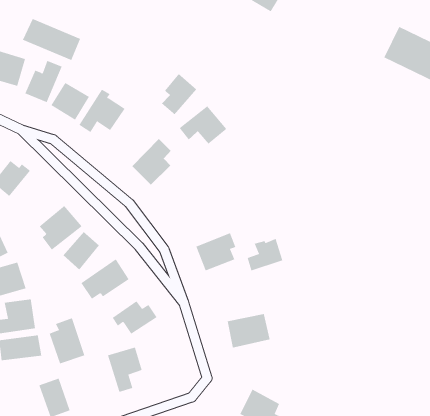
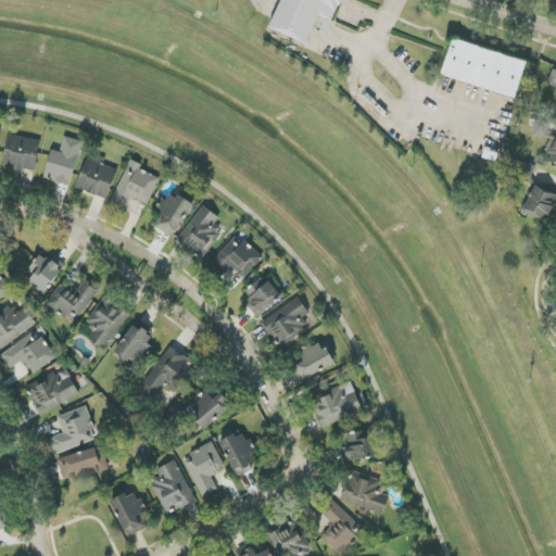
building: [22,18,81,61] -> none
building: [161,73,197,115] -> [154,189,192,237]
building: [179,106,227,144] -> [207,235,262,278]
building: none -> [45,279,98,323]
building: none -> [242,274,286,315]
building: [247,238,283,271] -> [292,340,333,381]
building: [49,318,85,364] -> [150,459,194,514]
building: none -> [219,430,254,477]
building: none -> [342,430,372,459]

